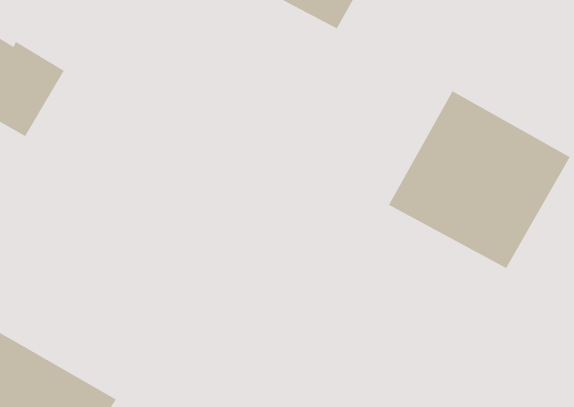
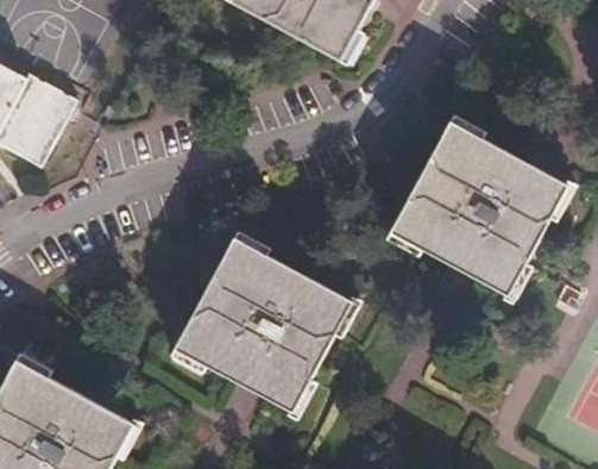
building: none -> [178,236,353,411]

